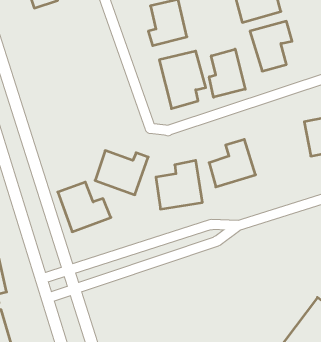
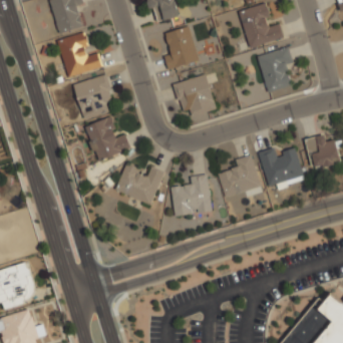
building: none -> [57,32,103,76]
building: [209,49,245,97] -> none
building: none -> [73,74,113,118]
building: none -> [259,146,305,188]
building: [58,182,111,232] -> [83,116,131,161]

